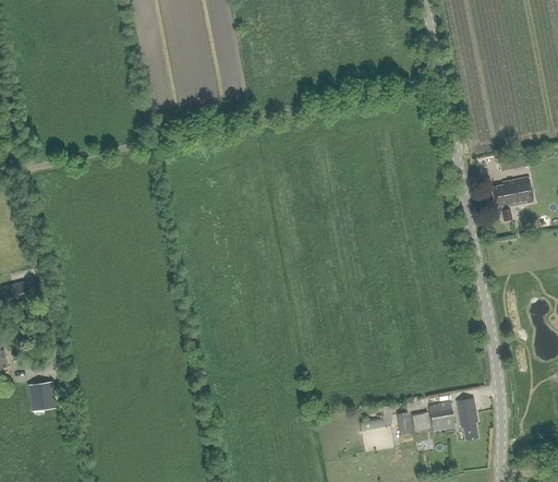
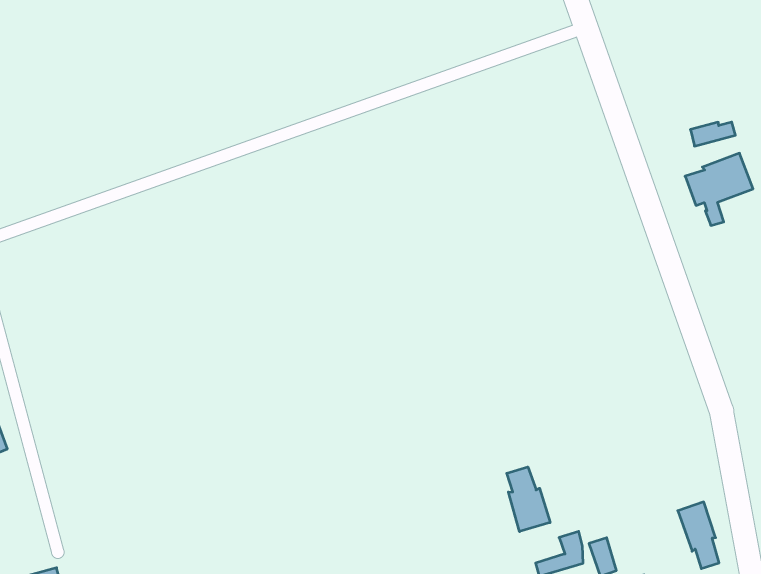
building: none -> [507,467,550,532]
building: [428,401,454,431] -> none

